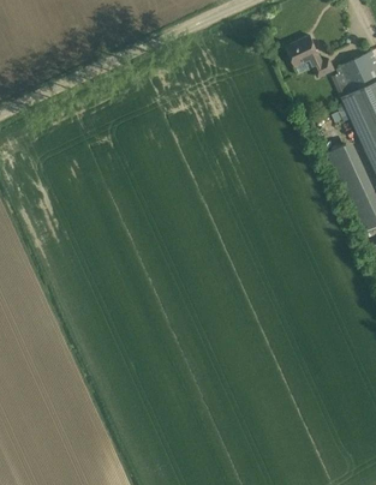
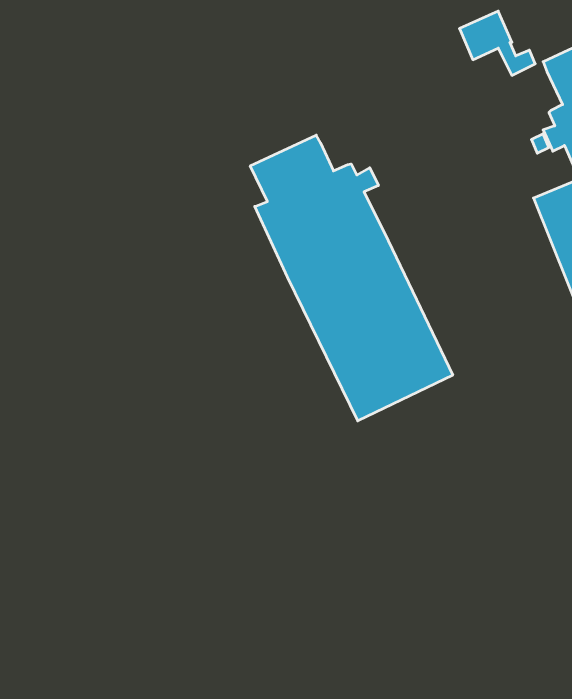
building: none -> [250,135,453,421]

